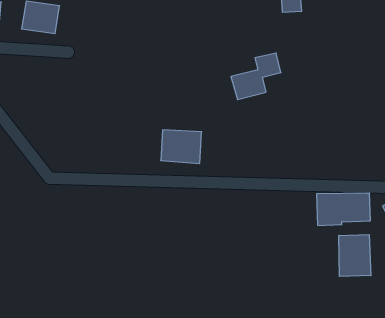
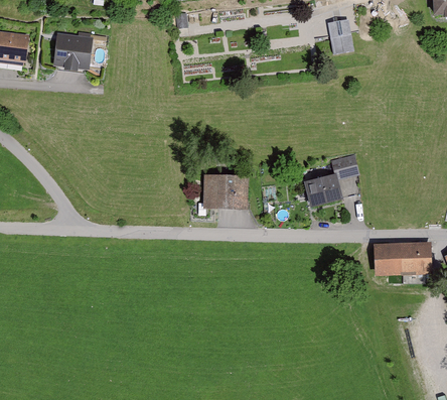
building: [231,53,281,100] -> [304,155,358,206]
building: [339,235,371,276] -> none

